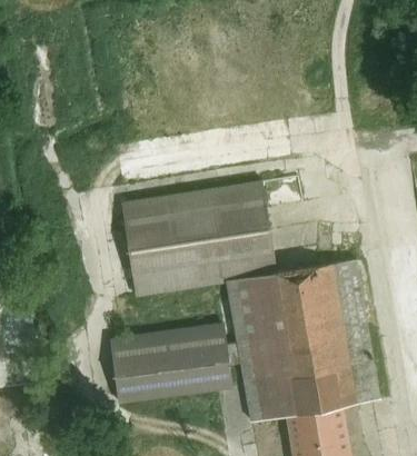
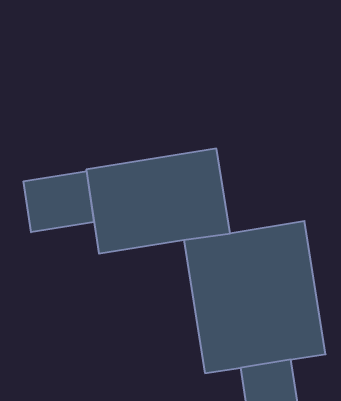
building: none -> [24,171,94,232]
building: [112,323,231,403] -> none

